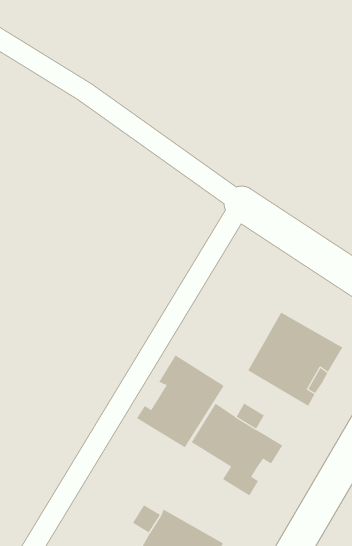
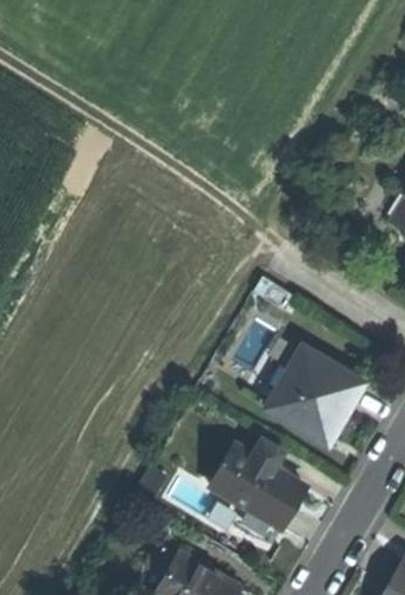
building: [136,355,225,448] -> none

